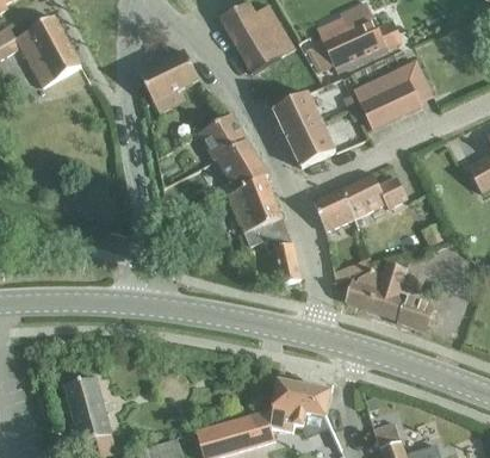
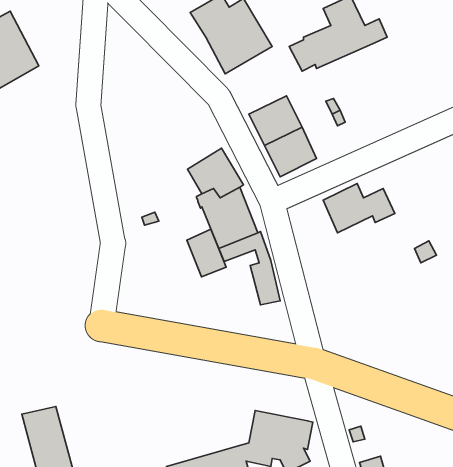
building: [138,50,198,112] -> none
building: [353,60,432,129] -> none
building: [198,113,247,160] -> none
building: [312,188,353,231] -> none
building: none -> [187,229,226,277]
building: [343,262,433,330] -> none

